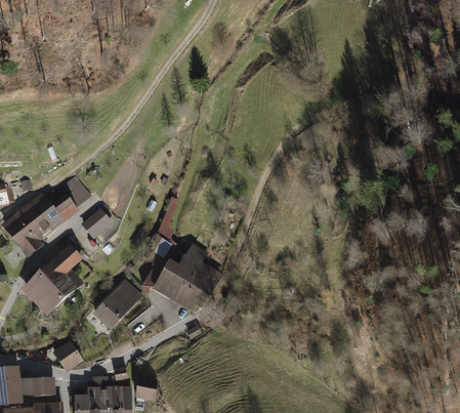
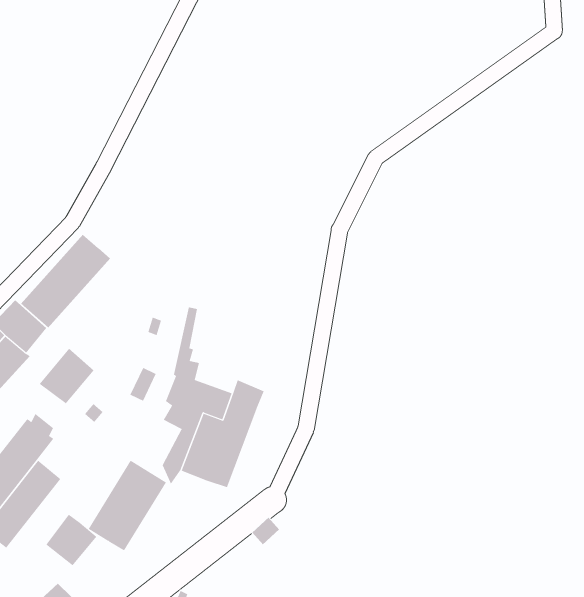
building: none -> [20,234,111,329]
building: [176,260,222,312] -> none
building: none -> [45,514,97,566]

